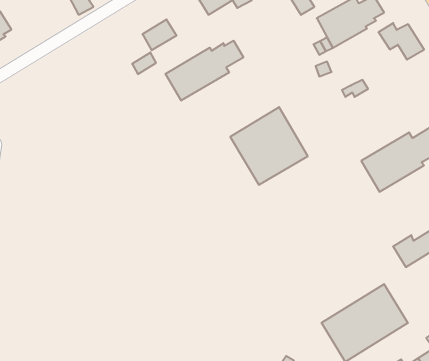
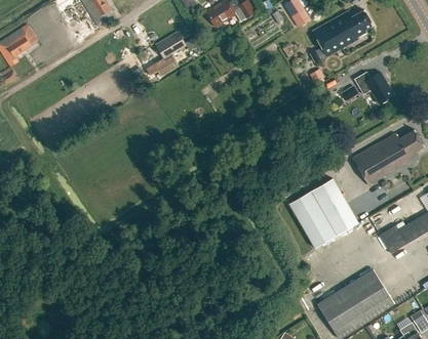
building: [378,23,424,60] -> [353,71,394,103]
building: [165,41,243,101] -> none
building: [230,107,308,185] -> [290,178,360,248]

